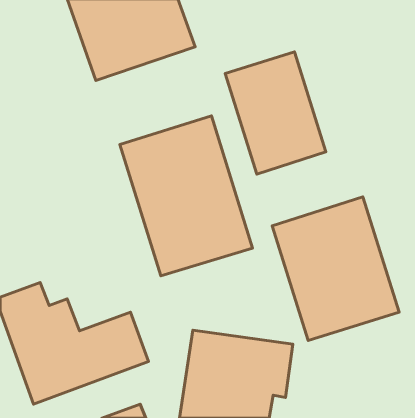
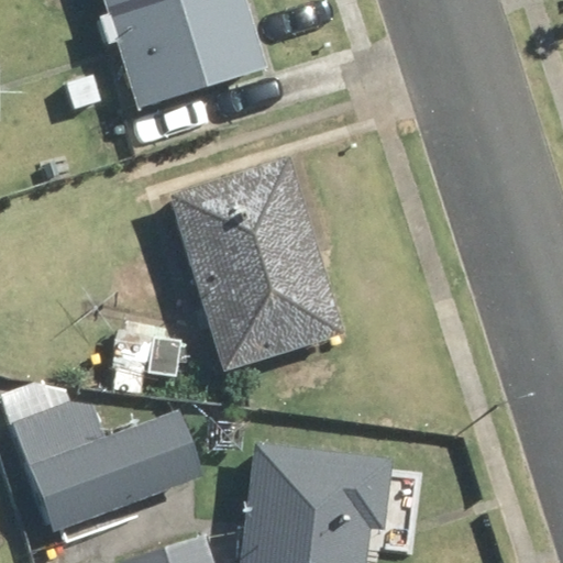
building: [225,52,326,174] -> none
building: [272,197,399,341] -> none

